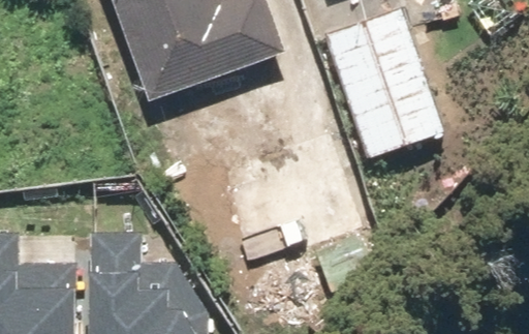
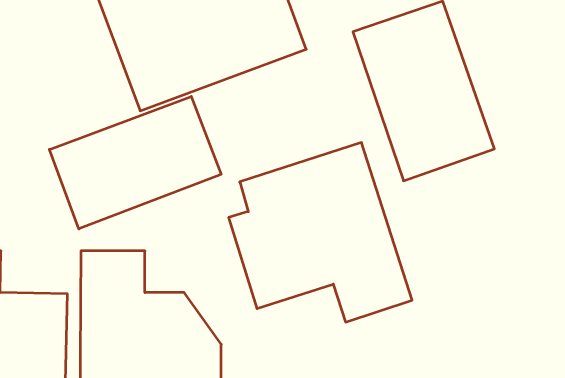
building: none -> [49,96,221,229]

